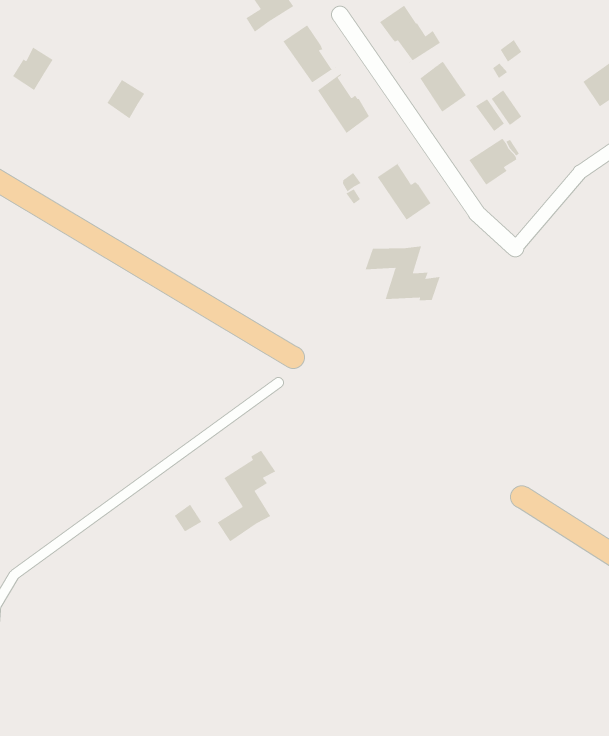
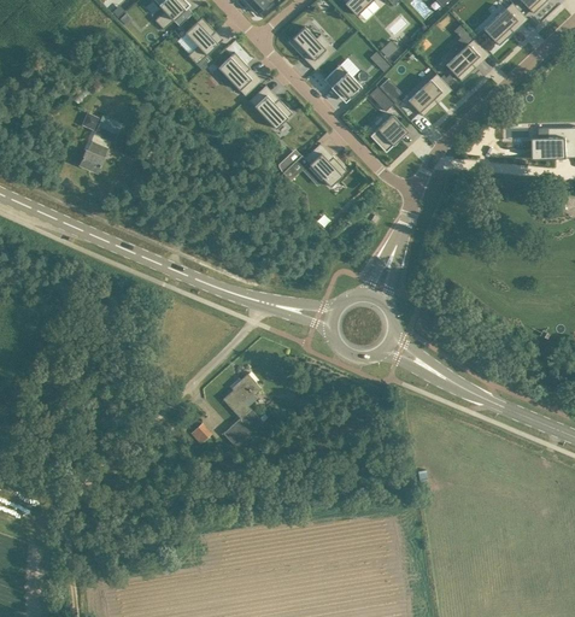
building: [12,47,54,91] -> [78,140,107,172]
building: none -> [407,74,448,117]
building: [365,246,440,305] -> none

